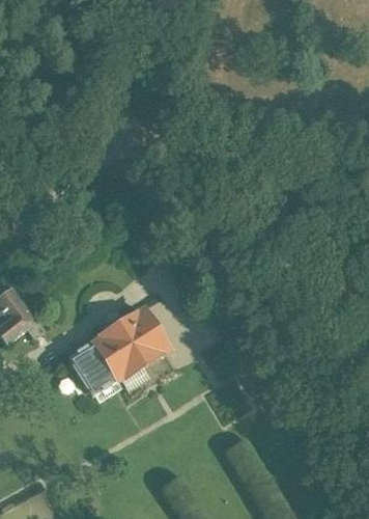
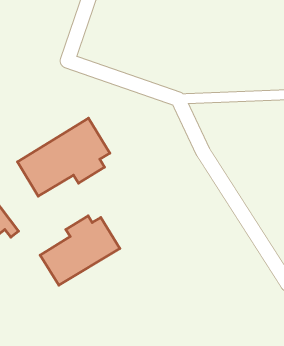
building: none -> [18,118,110,196]

